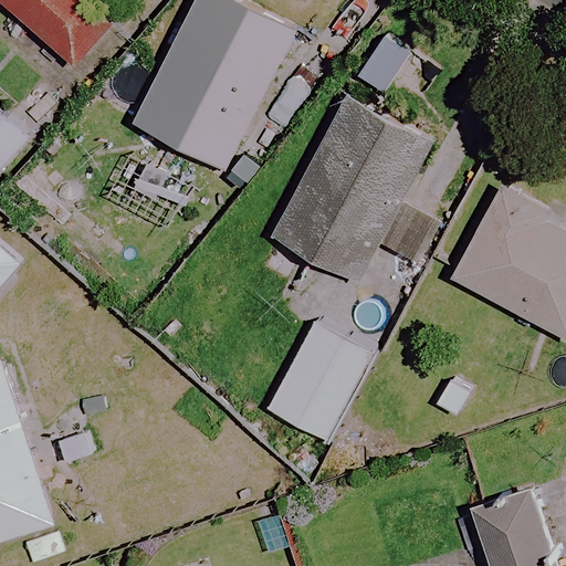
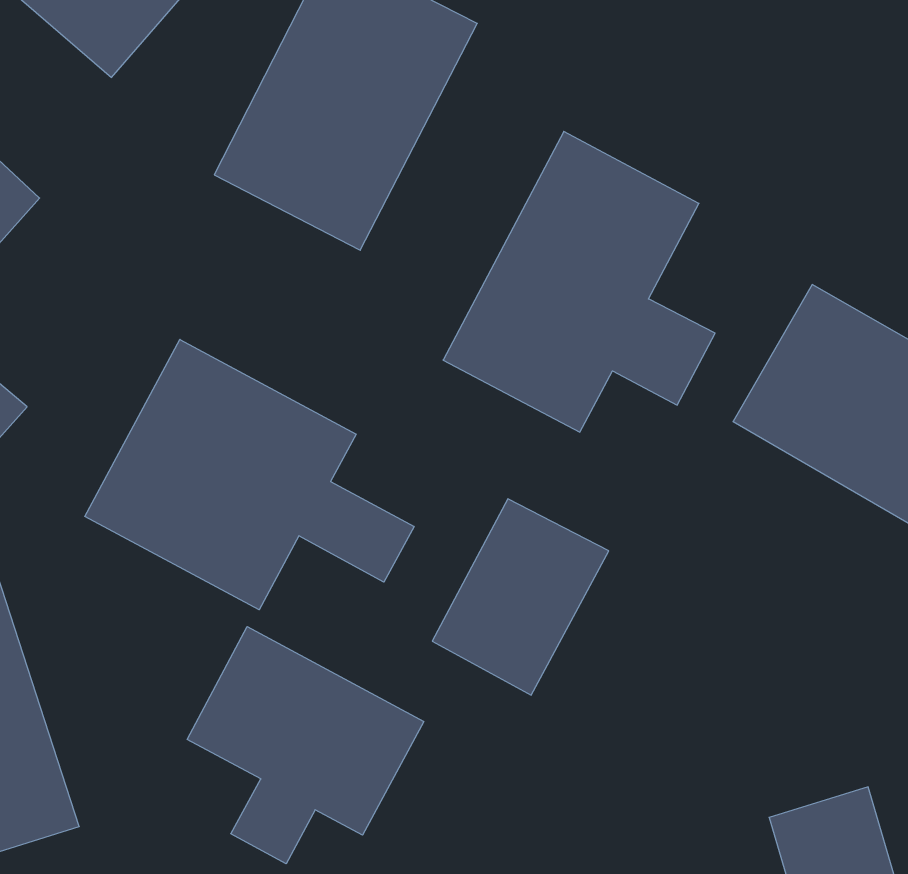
building: none -> [85,339,414,610]
building: none -> [187,627,424,864]

